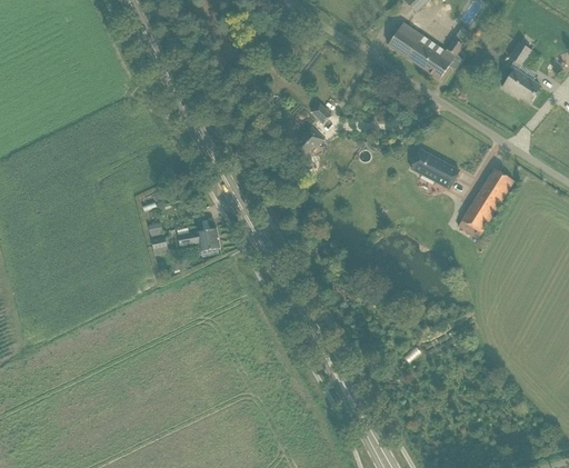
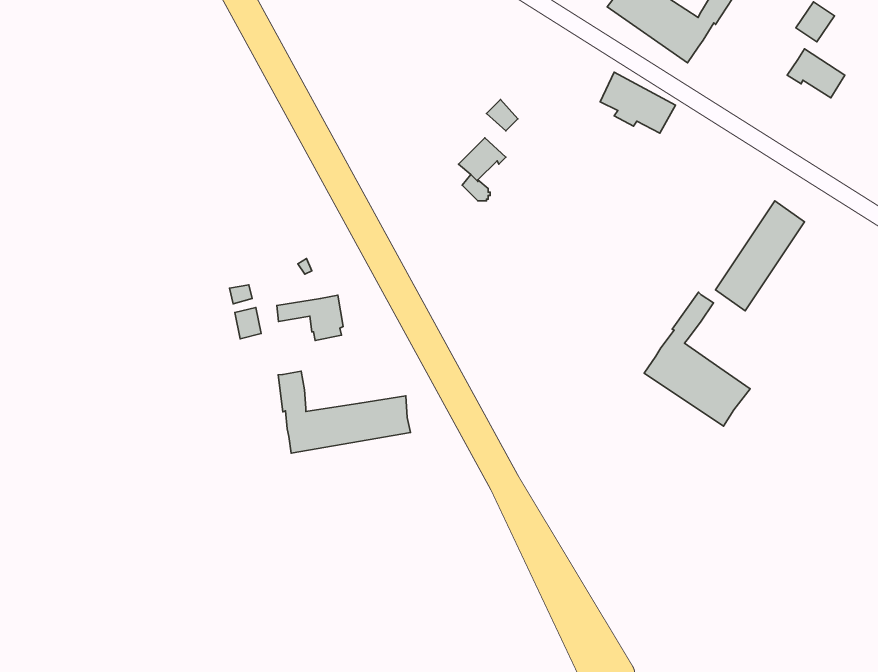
building: [411,149,459,188] -> [600,72,675,133]
building: none -> [644,292,750,426]
building: none -> [278,371,411,453]

